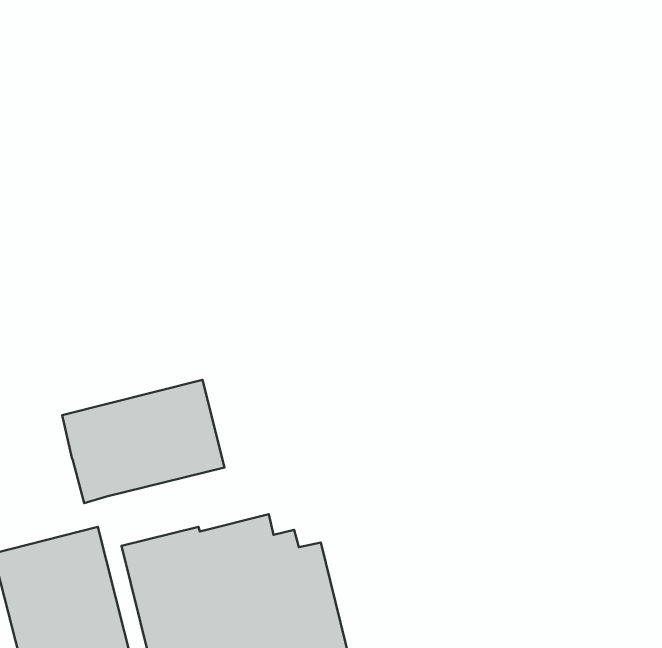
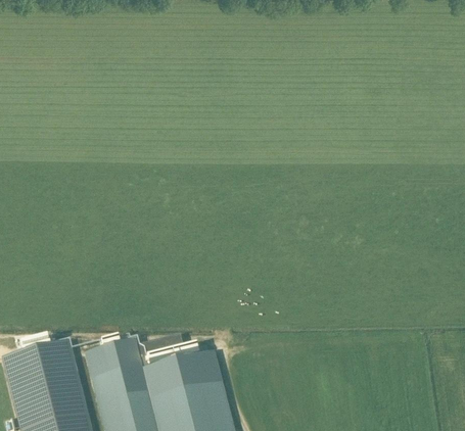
building: [62,380,224,503] -> none

